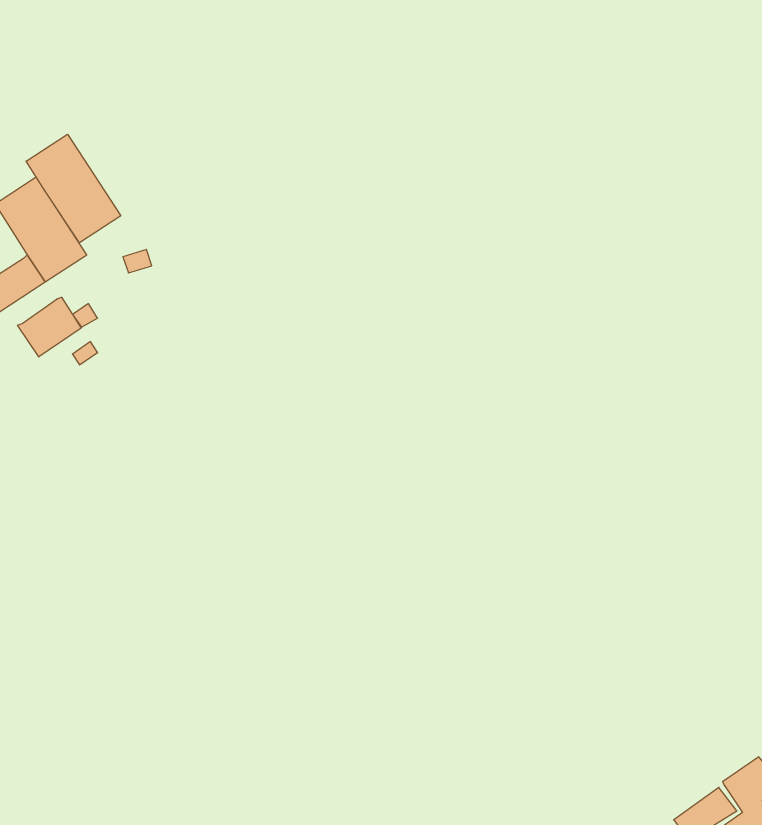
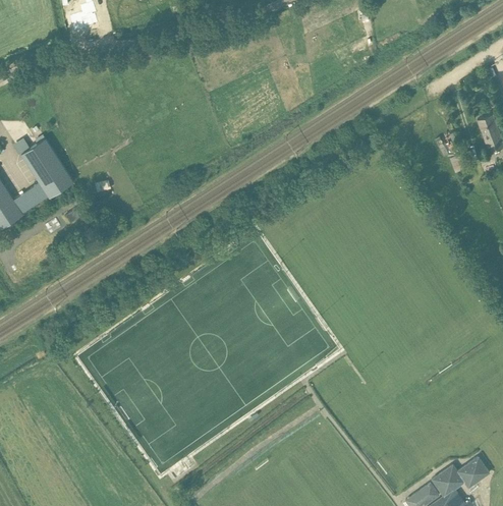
building: [26,134,121,243] -> none
building: [18,297,81,357] -> none

